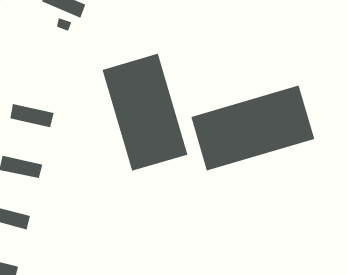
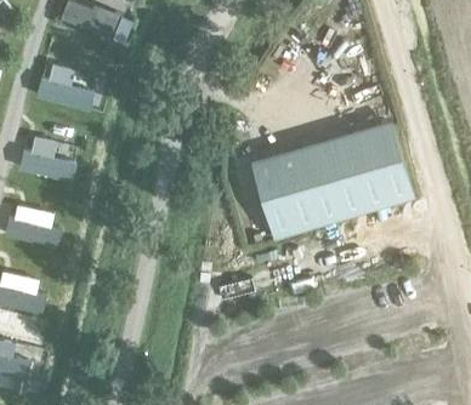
building: none -> [35,76,93,110]
building: [102,53,188,172] -> none

